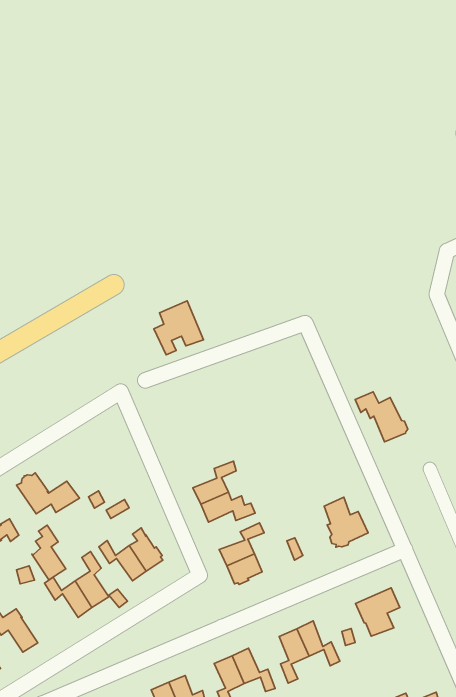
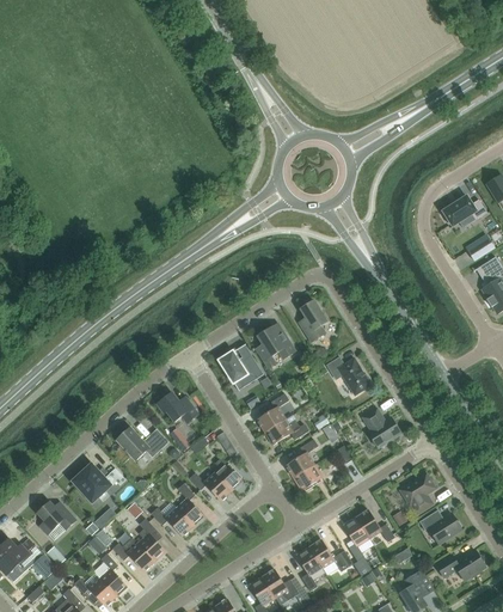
building: [154,301,203,355] -> [256,323,296,368]
building: none -> [299,300,327,342]
building: [355,392,408,442] -> [326,356,372,394]
building: none -> [220,351,264,387]
building: none -> [158,392,198,423]
building: [32,525,66,580] -> [137,519,166,562]
building: none -> [419,513,462,544]

